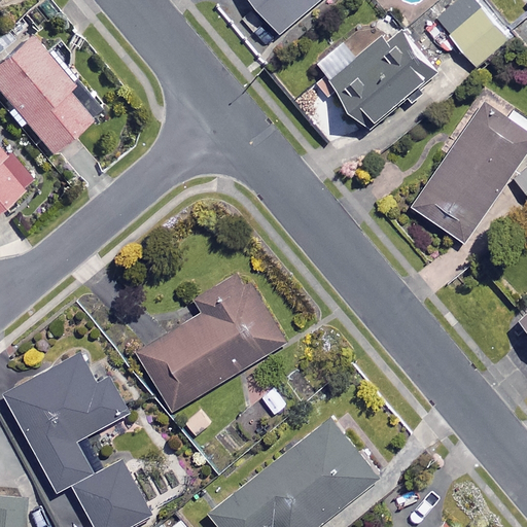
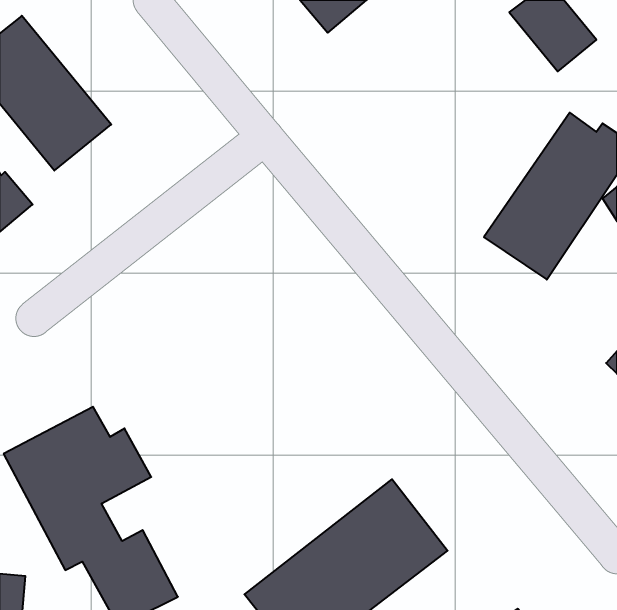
building: [316,37,435,129] -> none
building: [135,271,284,411] -> none

